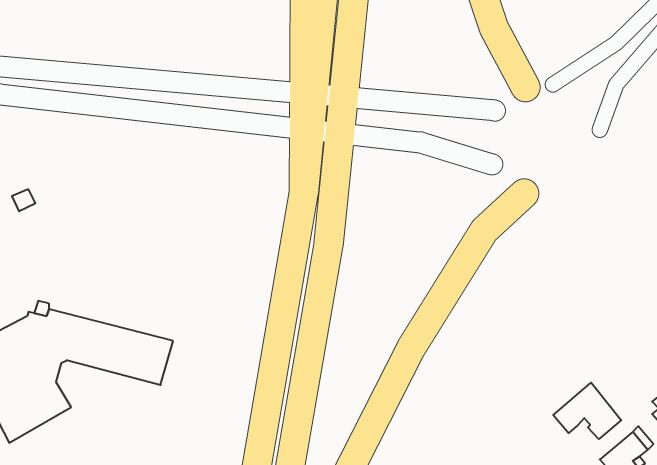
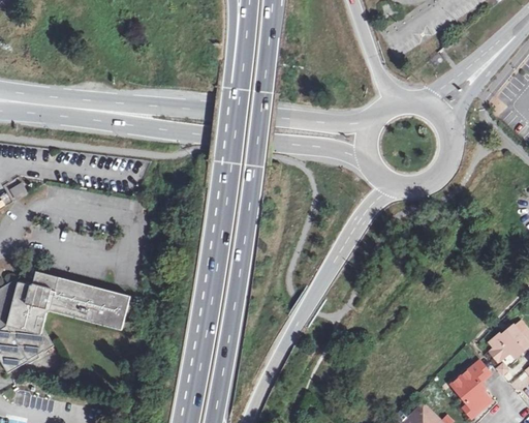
building: [553,383,621,439] -> none

